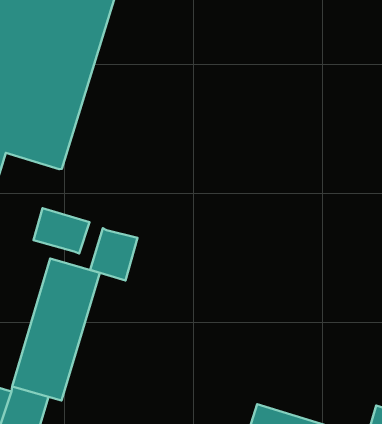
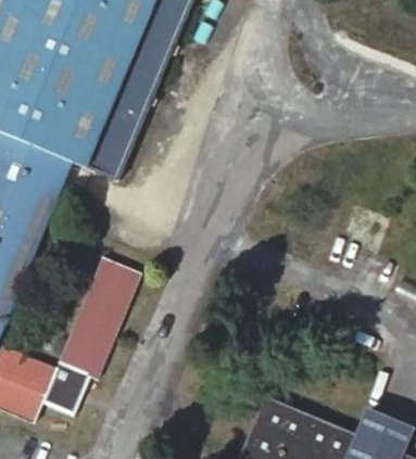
building: [33,208,89,254] -> none
building: [90,228,138,280] -> none

